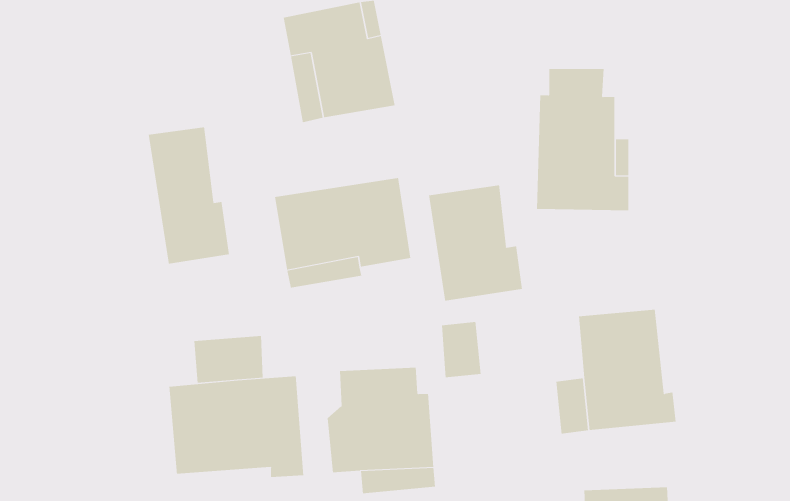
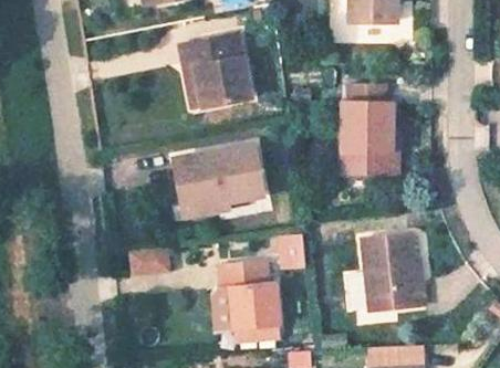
building: [148,126,230,264] -> none
building: [428,185,522,302] -> none
building: [169,375,304,478] -> none

